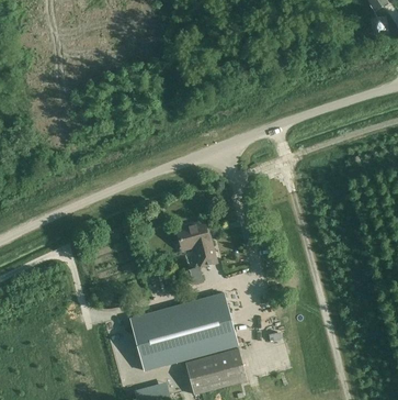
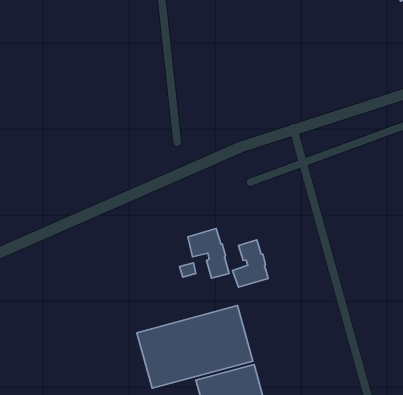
building: none -> [232,240,268,287]

